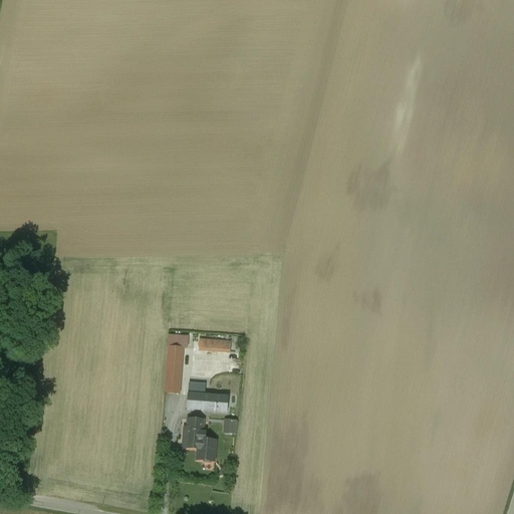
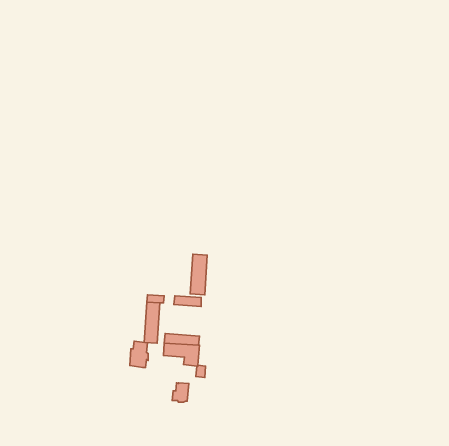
building: none -> [190,254,207,295]
building: [183,417,204,447] -> [130,341,148,367]

